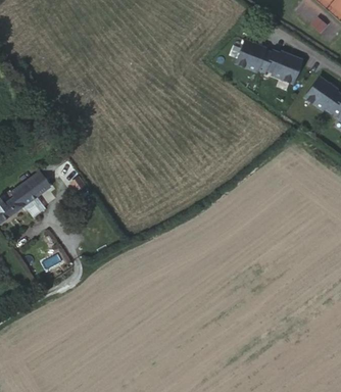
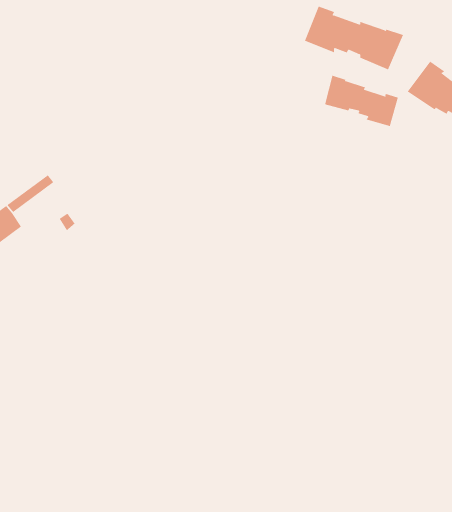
building: none -> [325,75,399,127]

